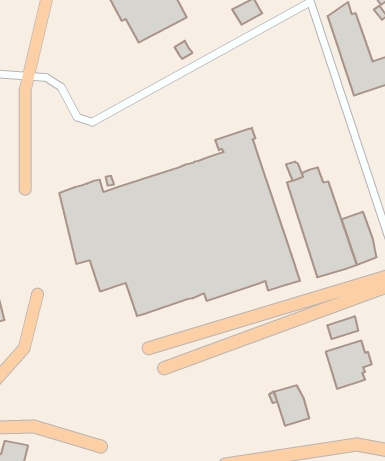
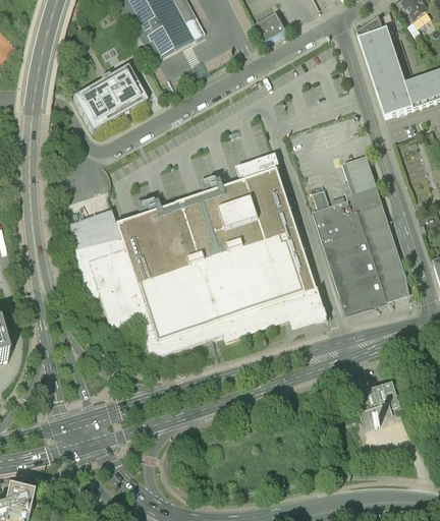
building: none -> [72,64,147,130]
building: none -> [342,156,395,250]
building: [327,316,358,339] -> none
building: [274,385,309,426] -> none

